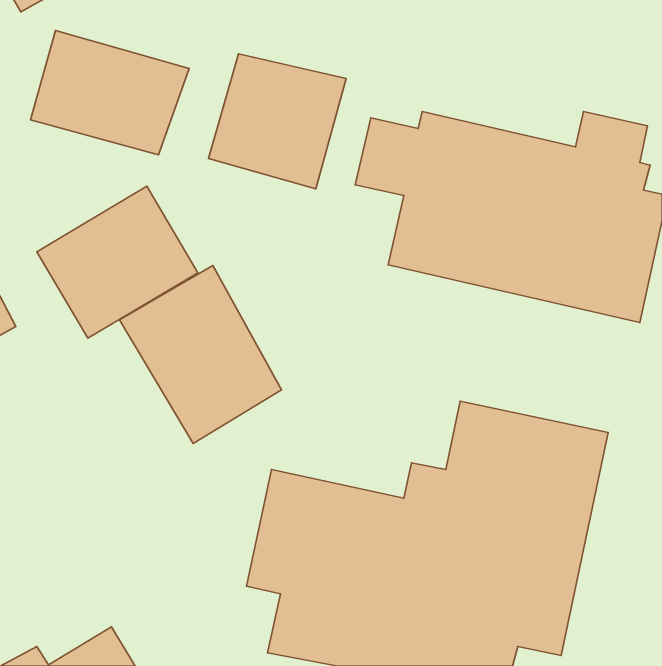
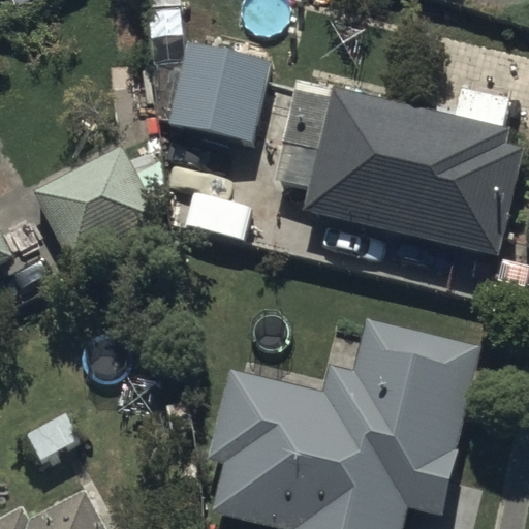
building: [30,30,189,155] -> none
building: [119,265,281,444] -> none

